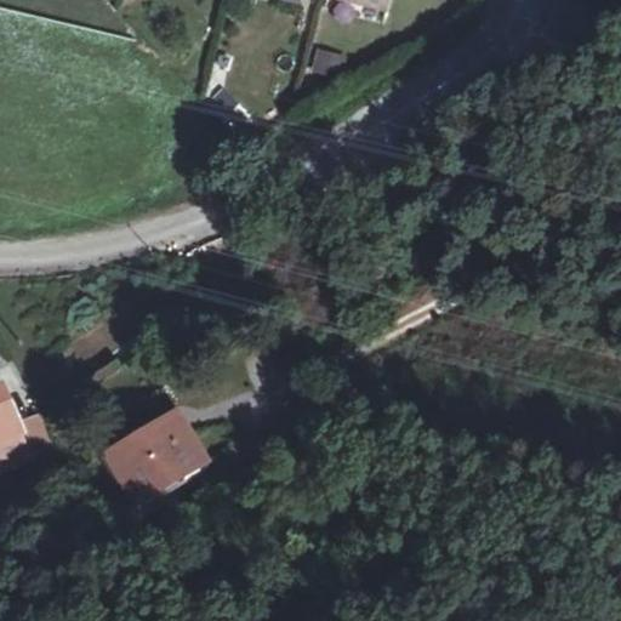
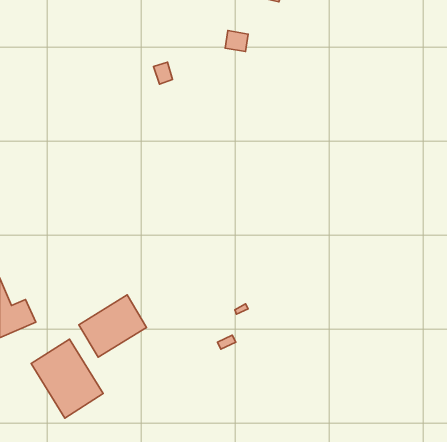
building: none -> [31,339,103,418]

